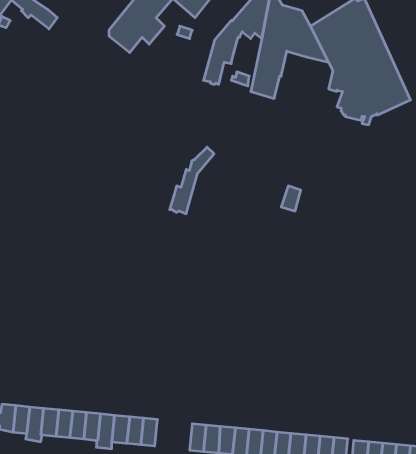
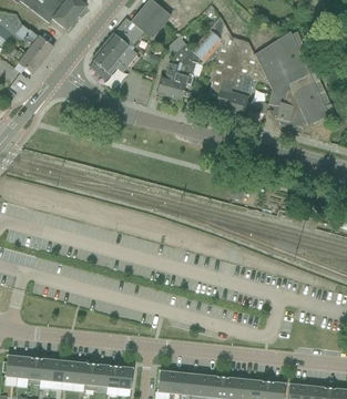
building: none -> [13,44,47,73]
building: none -> [226,73,254,115]
building: [170,147,214,214] -> [156,43,192,96]

